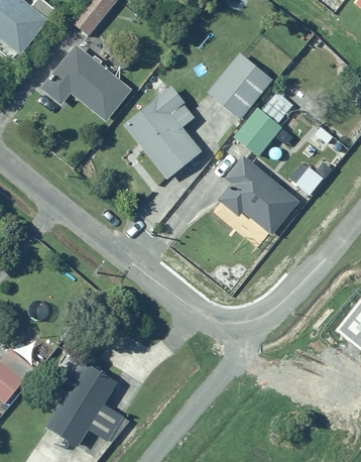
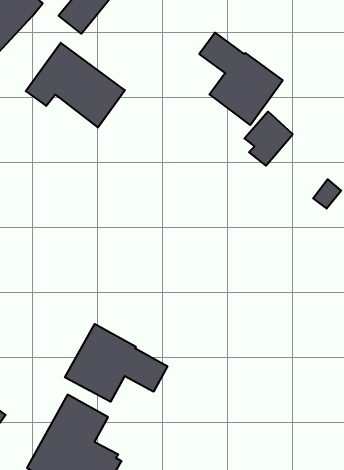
building: [120,84,202,180] -> none
building: [217,155,298,233] -> none
building: none -> [65,324,167,402]

